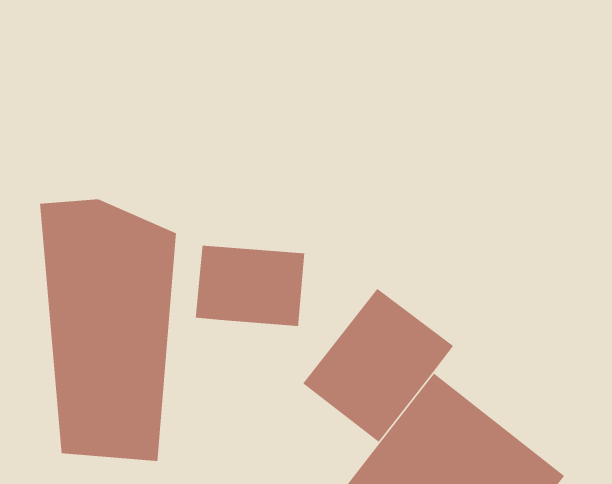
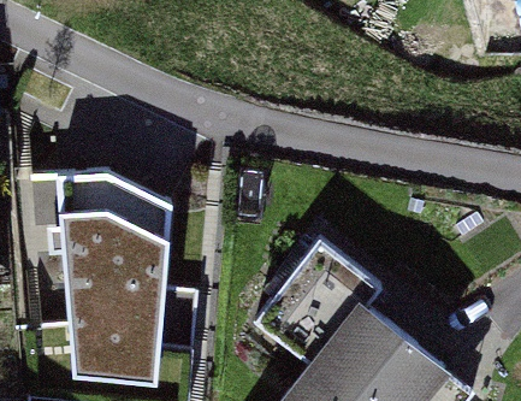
building: [195,245,305,327] -> none

